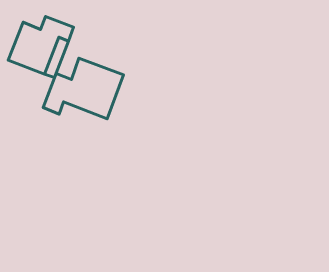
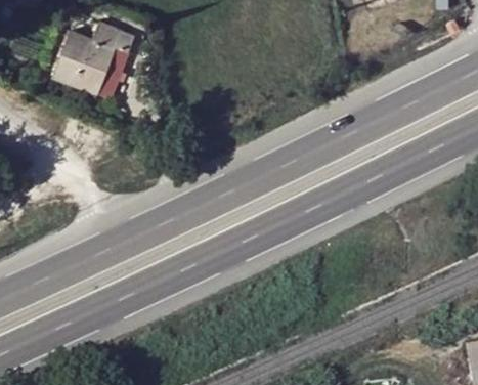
building: [43,58,124,119] -> none

